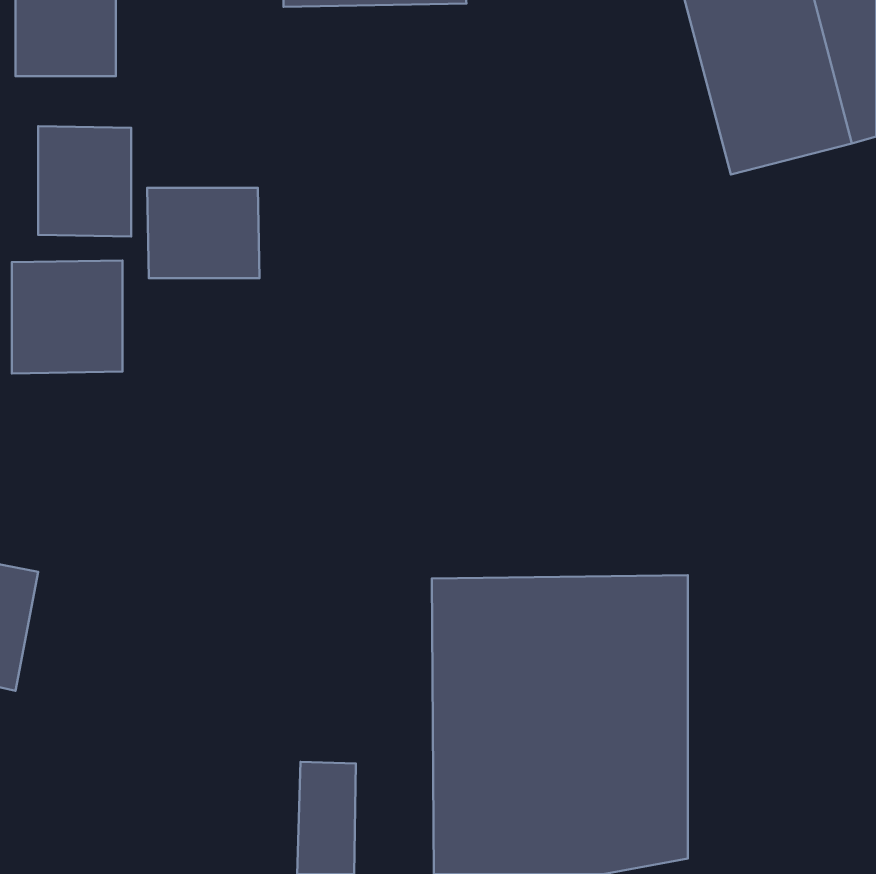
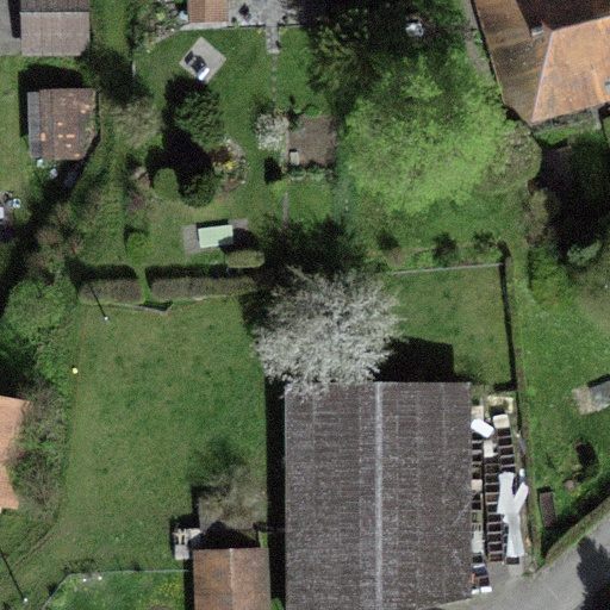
building: [147,188,260,278] -> none
building: [12,260,122,373] -> none

